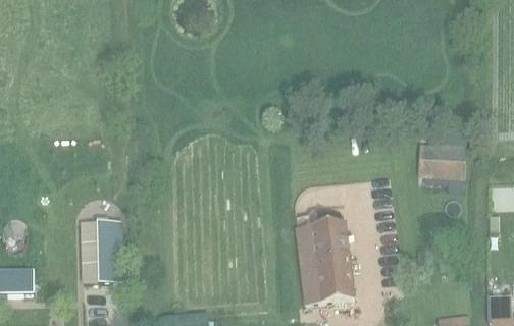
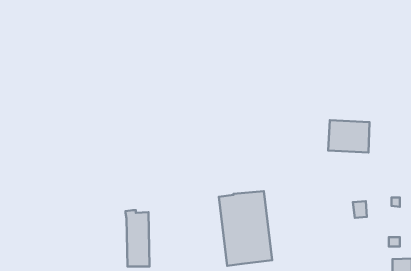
building: [94,217,120,279] -> [126,210,149,266]

